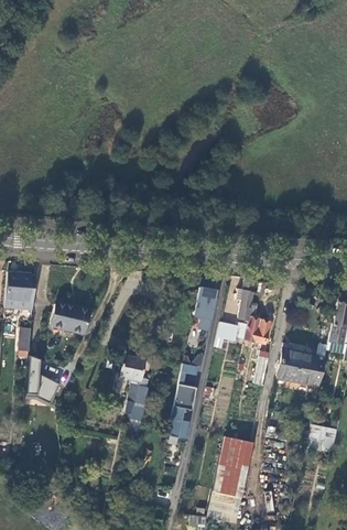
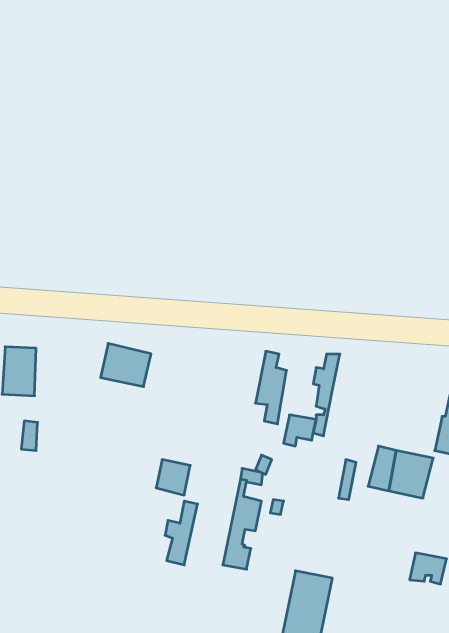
building: [51,300,88,332] -> [101,343,151,387]
building: [243,303,270,342] -> none
building: [28,355,61,402] -> none

